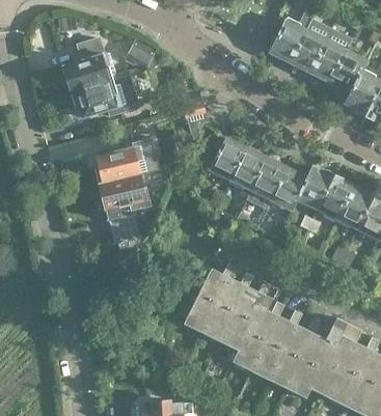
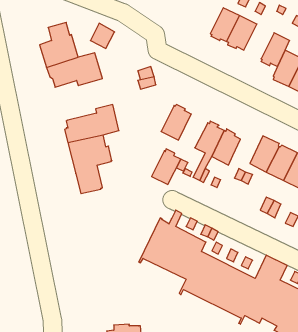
building: [310,40,347,82] -> none
building: [232,146,267,189] -> [152,149,181,184]
building: [297,165,333,207] -> none

